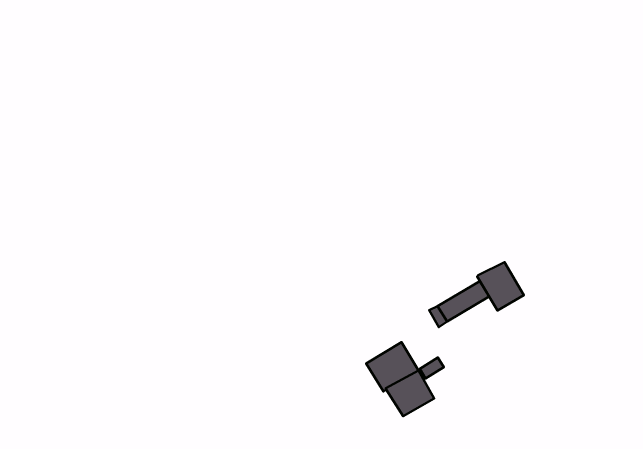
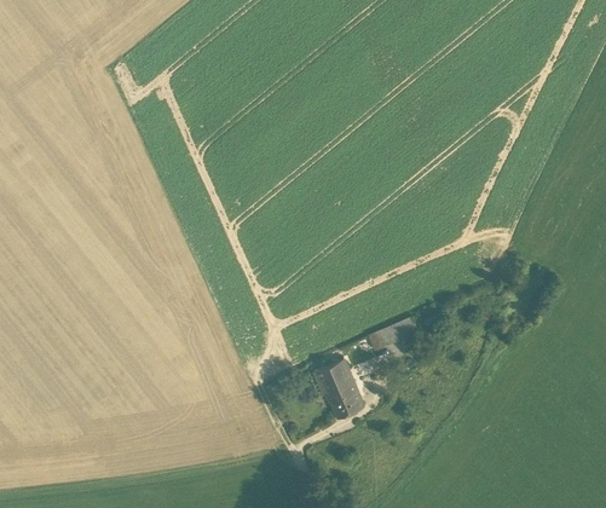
building: [477,262,524,311] -> none

